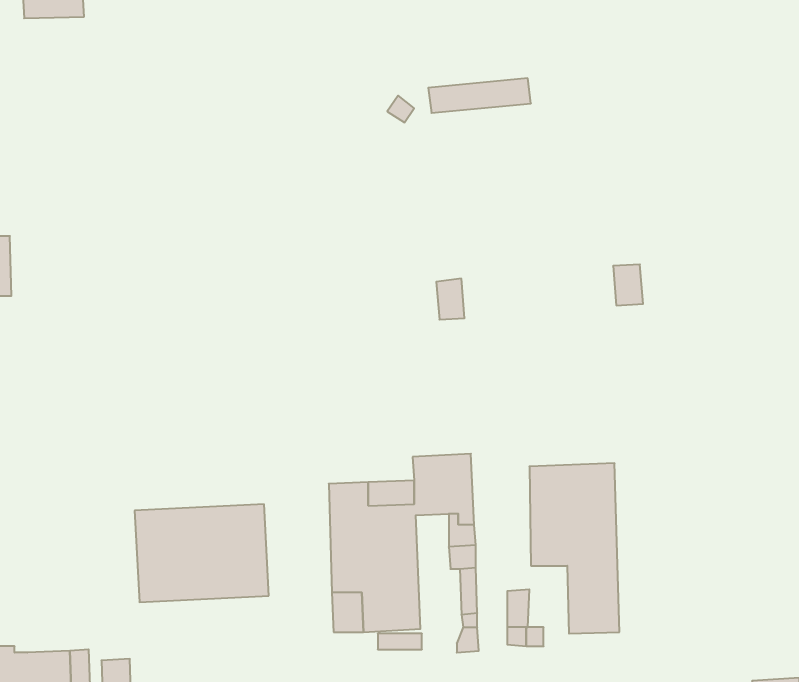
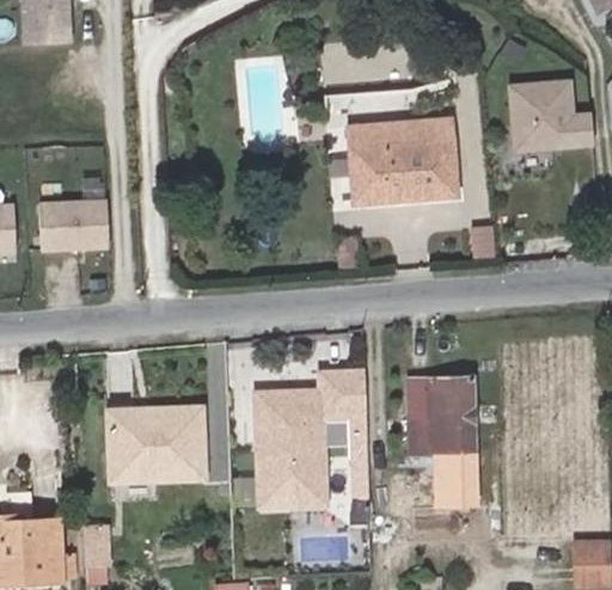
building: none -> [508,79,593,150]
building: none -> [347,117,455,202]
building: none -> [38,201,108,248]

